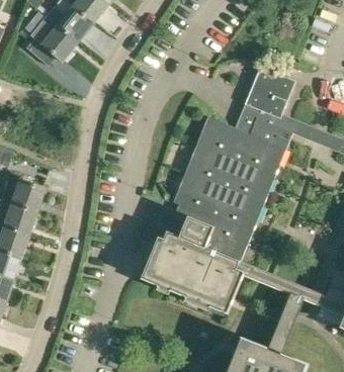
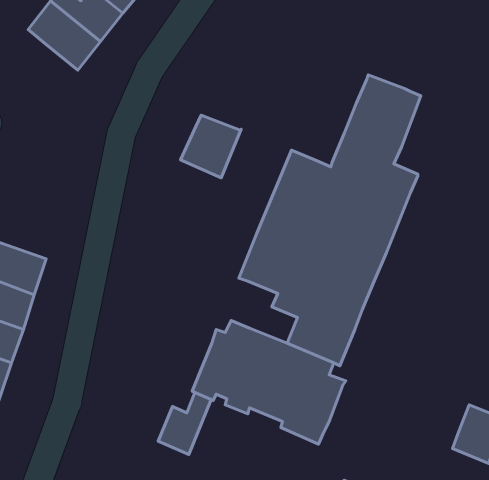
building: none -> [181,115,241,178]
building: [171,203,211,245] -> none
building: none -> [158,393,211,454]

